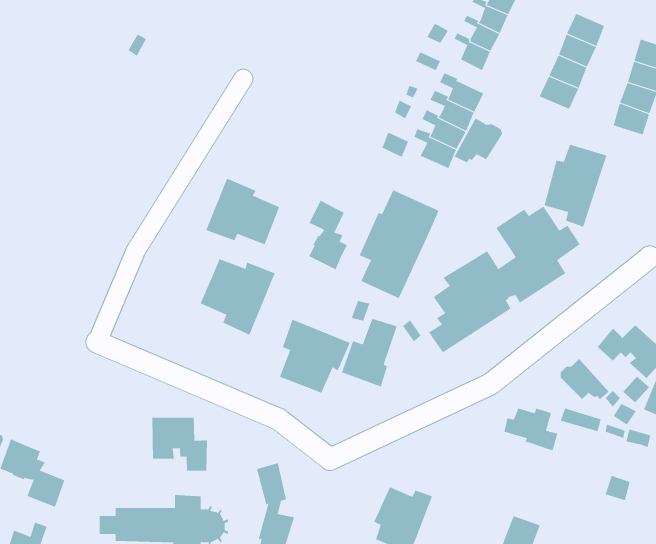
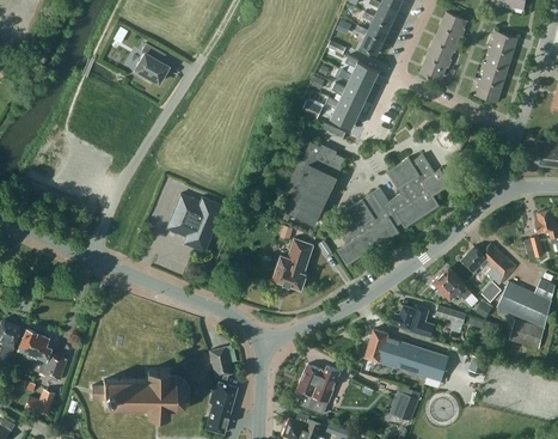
building: none -> [135,42,167,83]
building: [454,117,503,163] -> none
building: [544,144,607,227] -> none
building: [205,178,280,245] -> none
building: [309,200,348,270] -> none
building: [279,319,350,394] -> none
building: [152,417,208,472] -> none
building: none -> [364,329,448,379]

